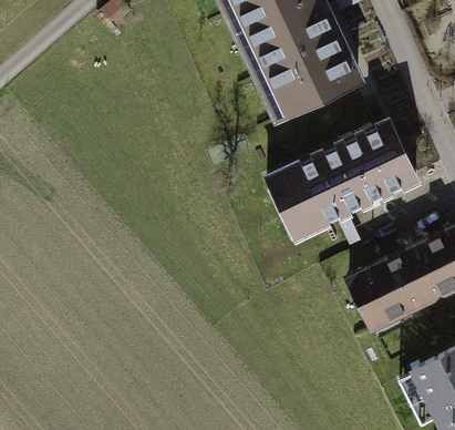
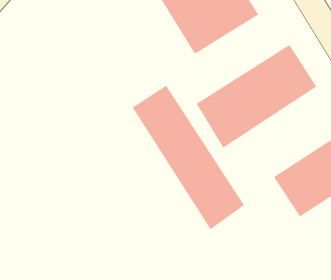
building: none -> [132,85,245,230]

